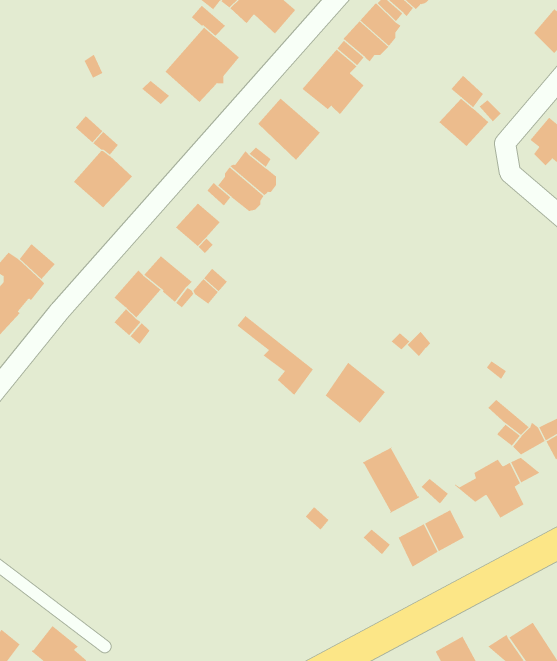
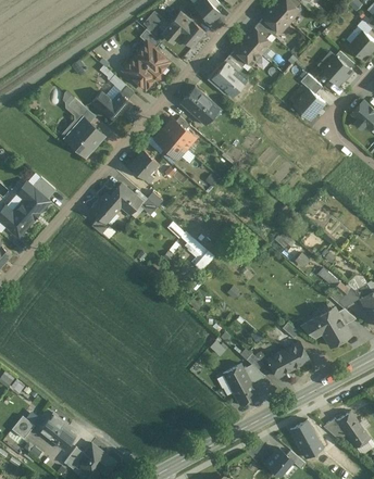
building: none -> [322,49,353,81]
building: none -> [91,92,132,118]
building: [325,362,386,424] -> none
building: [362,447,420,513] -> [223,364,259,405]

